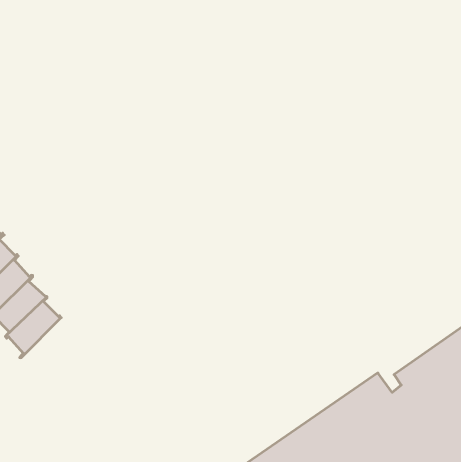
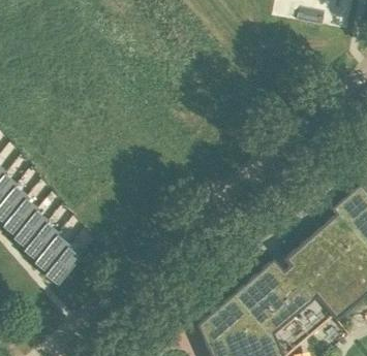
building: none -> [48,245,82,285]

